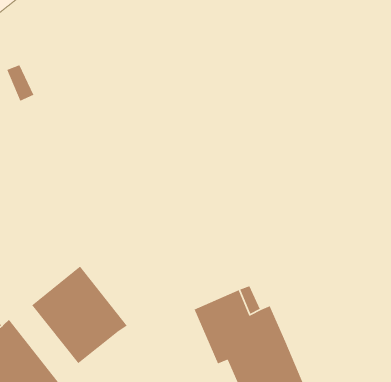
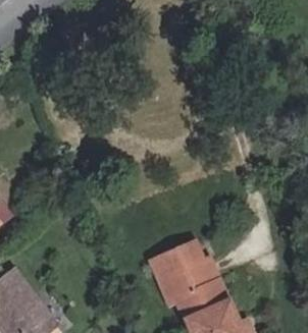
building: [31,266,128,364] -> none

